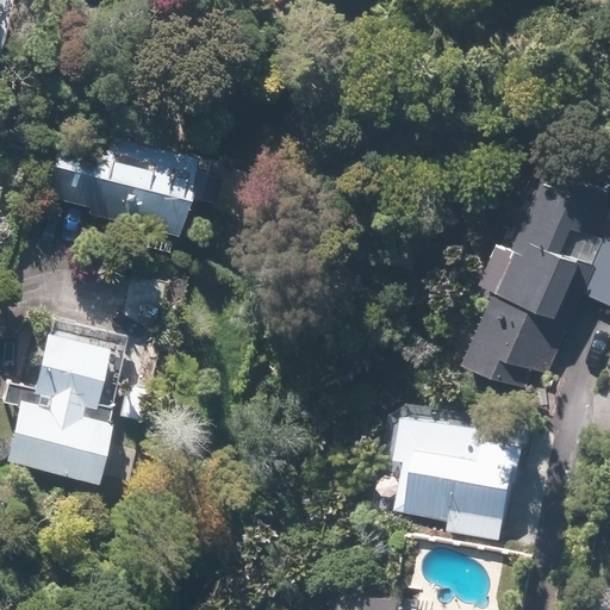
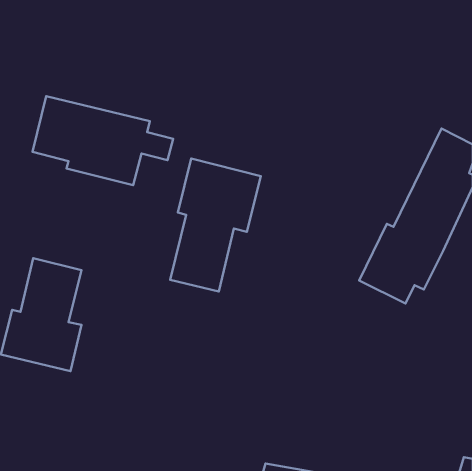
building: none -> [170,159,261,291]
building: [397,416,522,540] -> none

